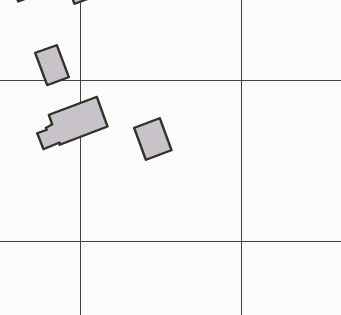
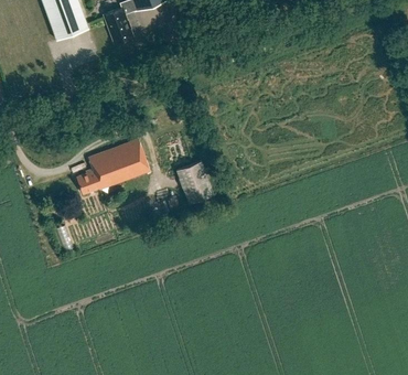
building: [35,45,69,85] -> none

